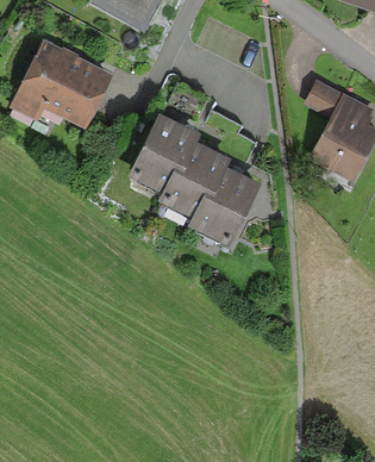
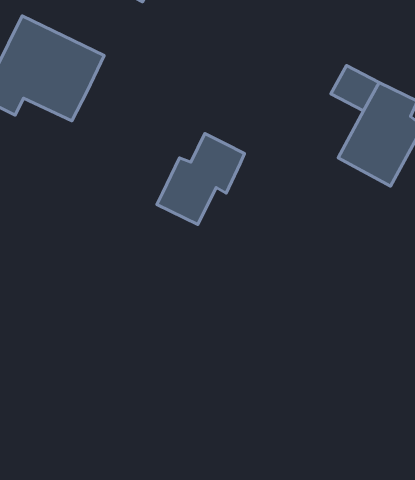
building: [127,111,200,189] -> none
building: [187,164,261,244] -> none

